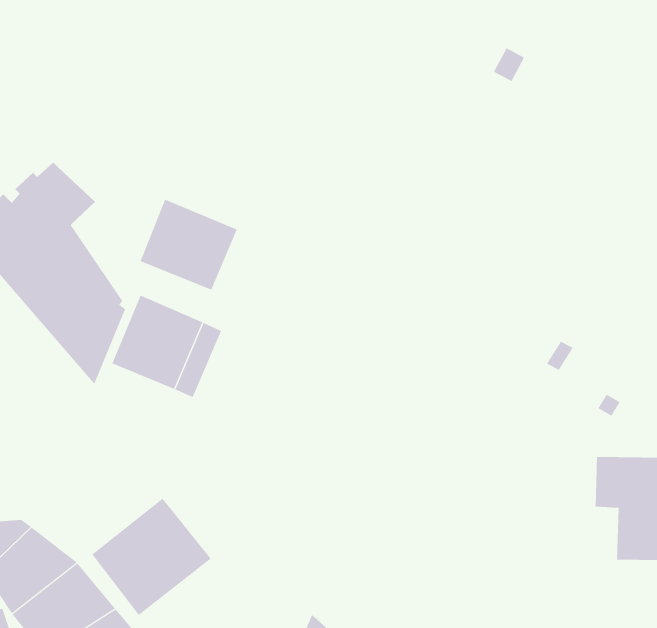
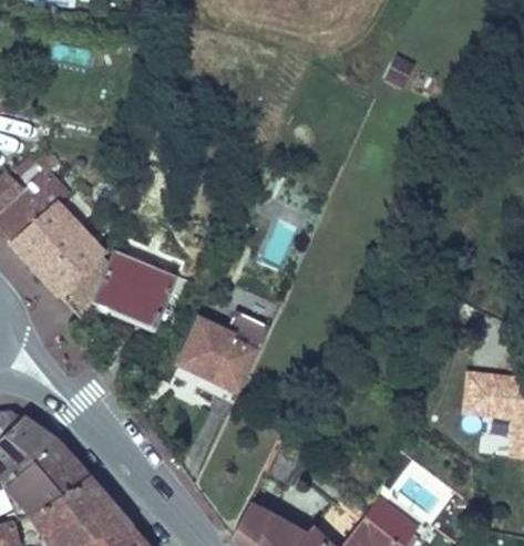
building: [140,199,238,291] -> none
building: none -> [178,320,257,391]
building: [92,498,212,616] -> none

